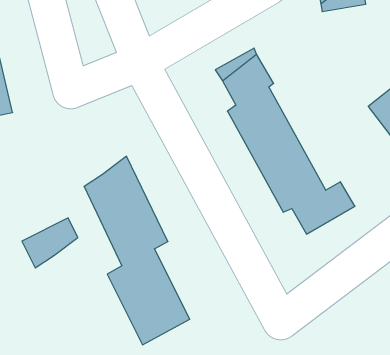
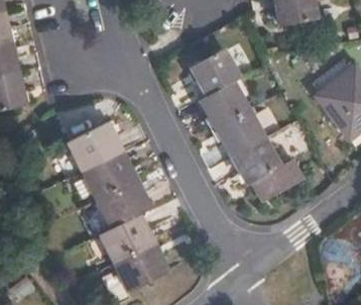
building: [22,218,78,268] -> [70,121,116,163]

